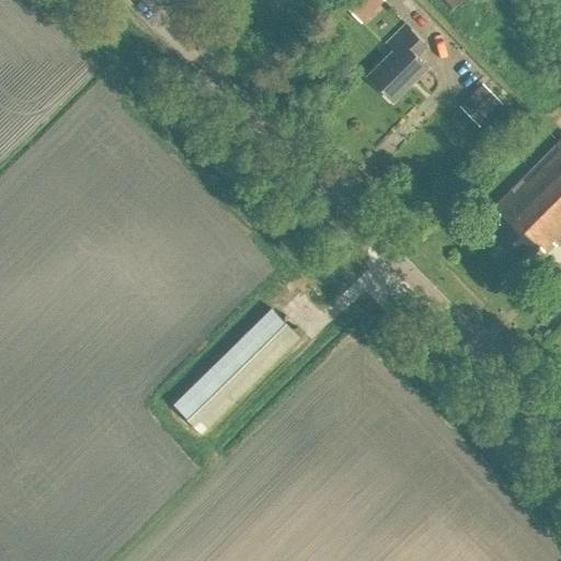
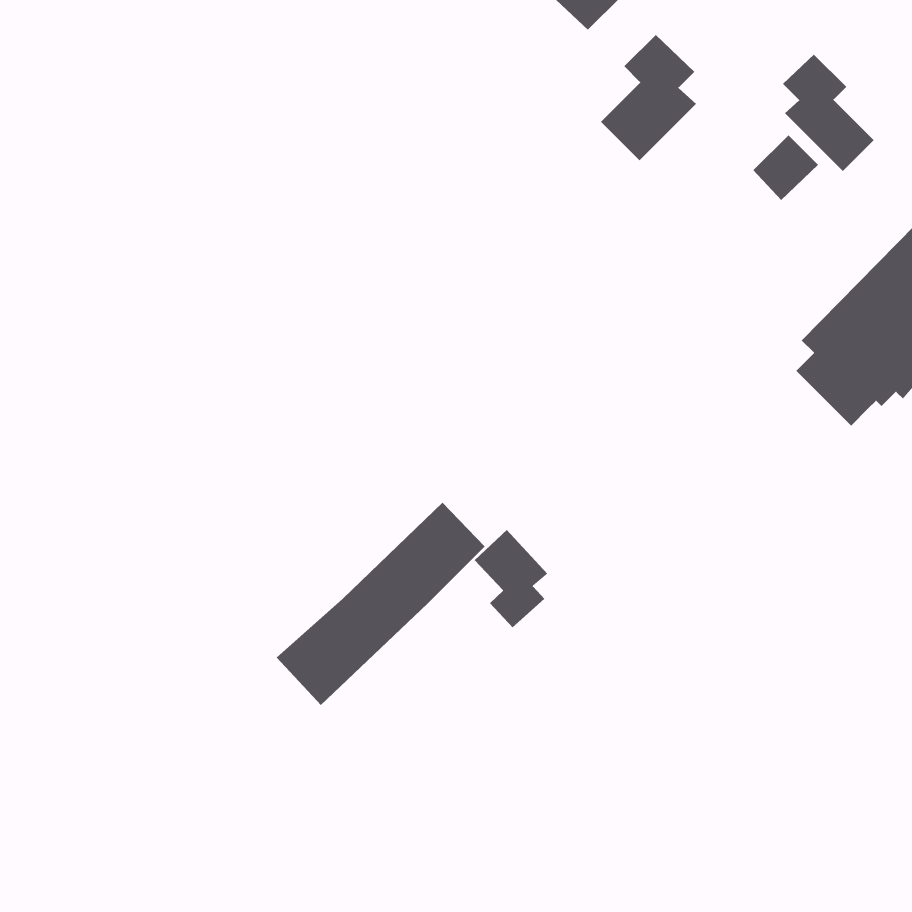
building: none -> [782,54,875,172]
building: none -> [474,529,548,628]

